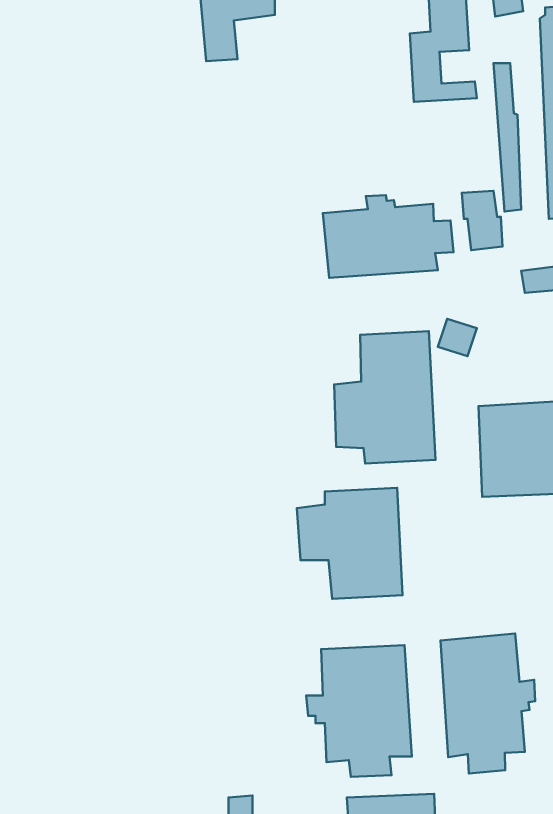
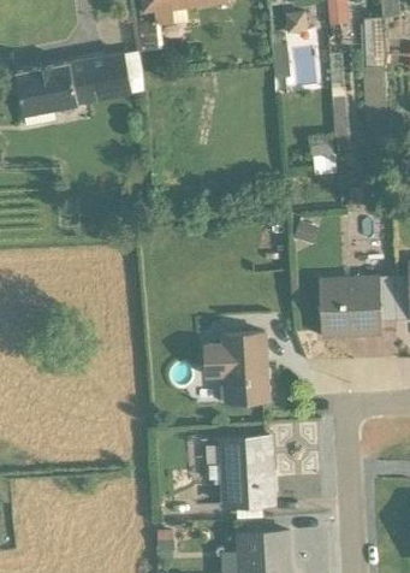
building: none -> [14,51,144,126]
building: [323,195,453,278] -> none
building: [334,331,436,464] -> none
building: [440,634,535,774] -> none

